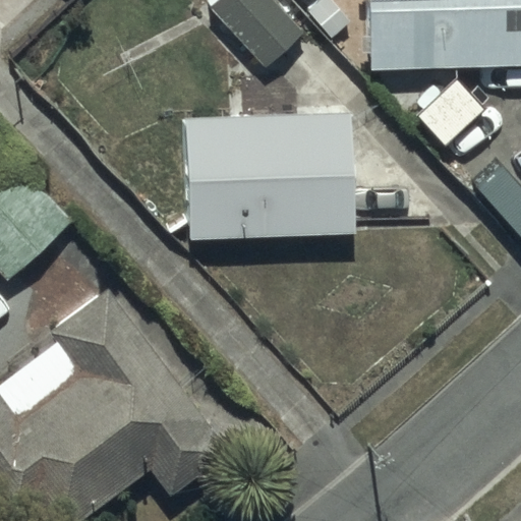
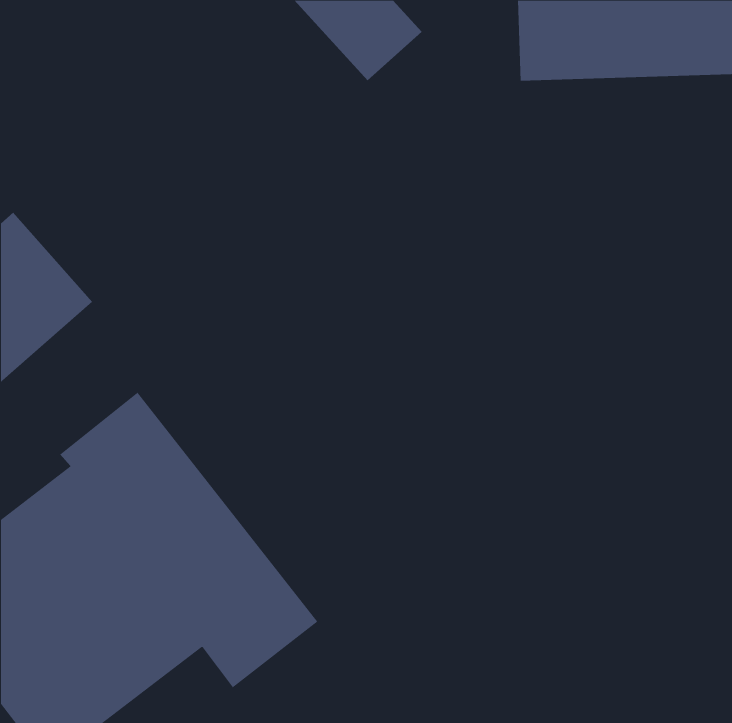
building: [182,112,354,235] -> none

